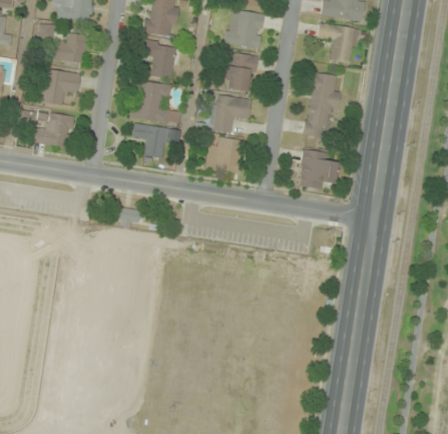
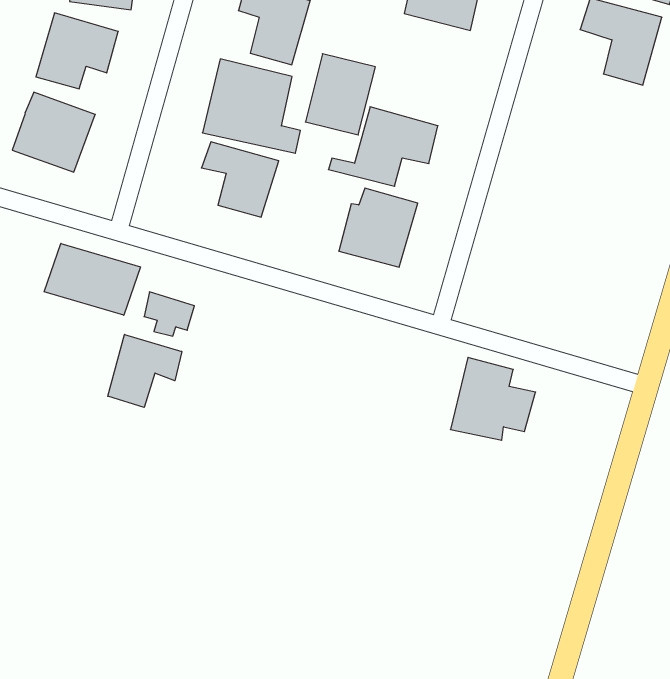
building: [225,52,257,91] -> [305,54,375,135]
building: [303,72,340,138] -> none
building: [298,149,339,189] -> [450,357,536,440]
building: none -> [44,243,140,315]
building: none -> [108,334,182,407]

